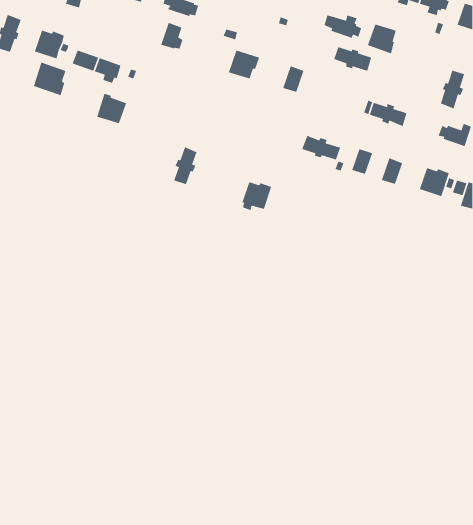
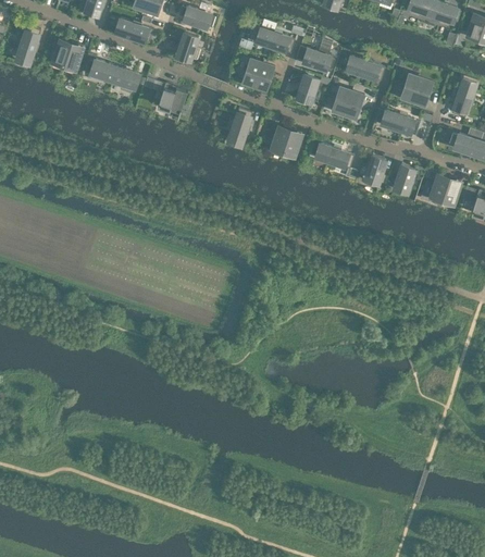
building: none -> [115,18,152,44]
building: [323,14,362,39] -> [296,47,334,71]
building: none -> [256,28,295,53]
building: [367,23,397,54] -> [401,75,431,106]
building: [33,62,66,96] -> none
building: none -> [332,88,363,117]
building: [96,93,127,131] -> [157,83,187,120]
building: [173,146,198,185] -> [227,108,251,146]
building: [241,181,272,211] -> [271,127,301,157]

